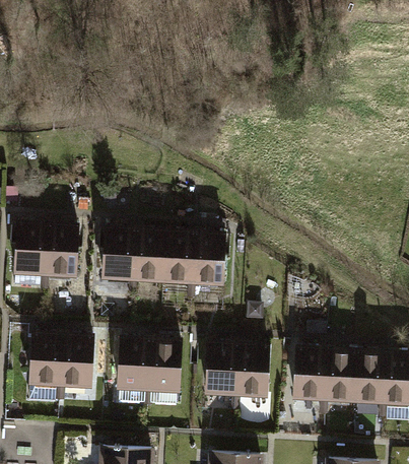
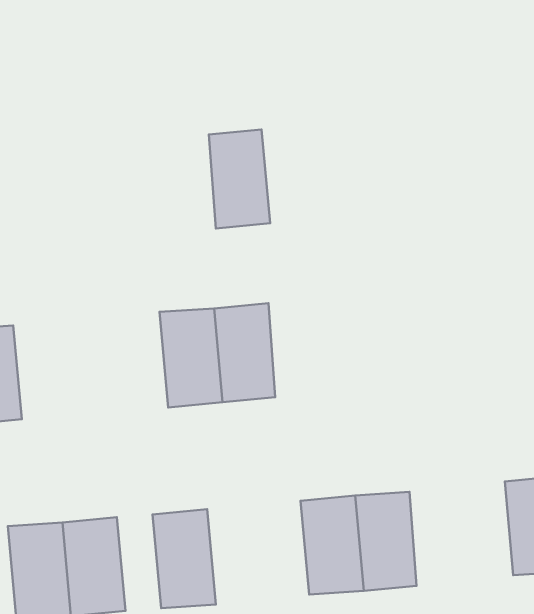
building: [47,218,81,275] -> none
building: [101,220,136,278] -> none
building: [198,224,232,281] -> [209,130,270,228]
building: [147,341,182,399] -> none
building: [292,346,327,403] -> none

